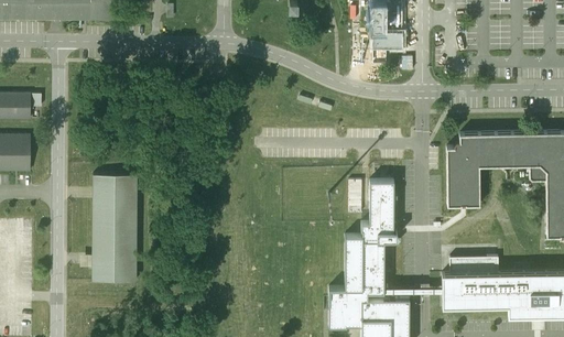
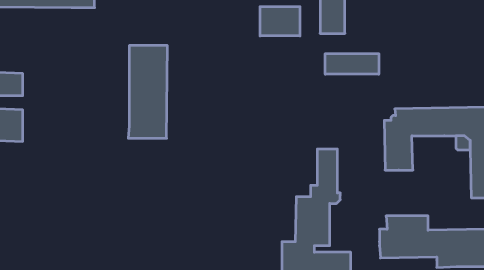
building: none -> [260,7,300,36]
building: none -> [325,54,379,74]
building: [91,175,137,282] -> [128,46,167,138]

